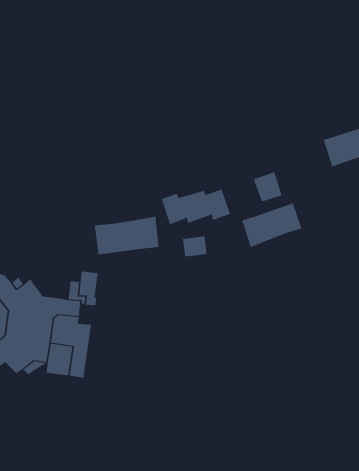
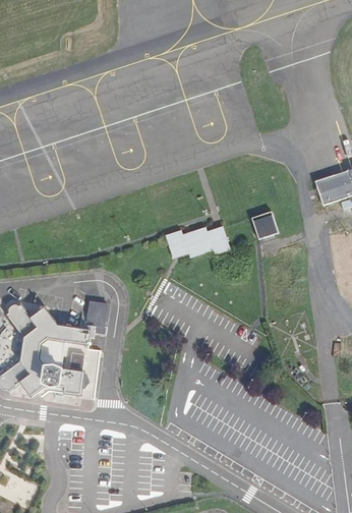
building: [242,203,302,248] -> none
building: [94,216,159,255] -> none
building: [183,236,207,257] -> none

